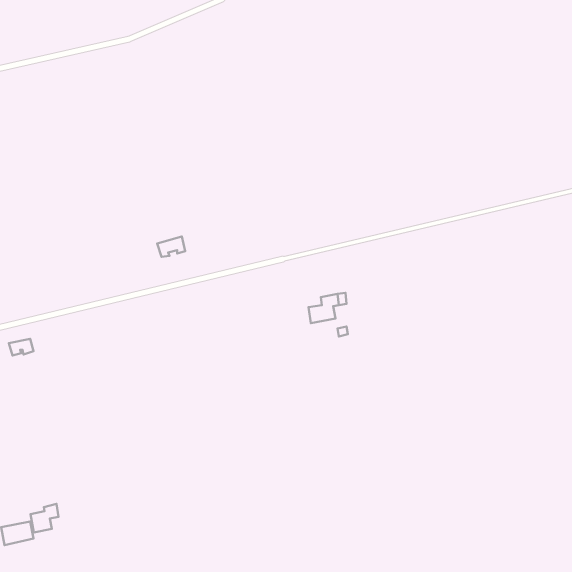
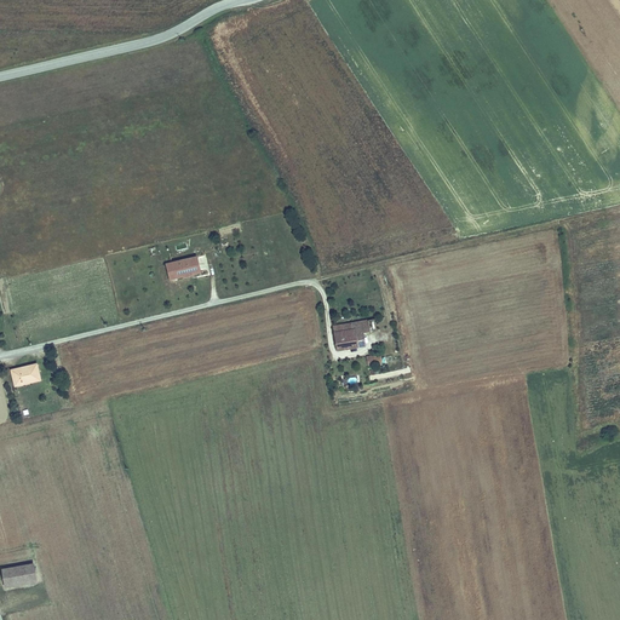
building: [30,504,59,533] -> none

